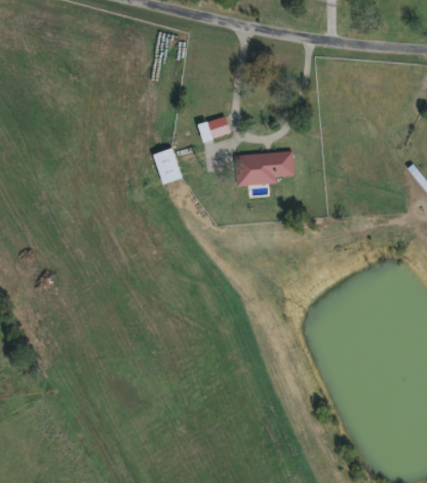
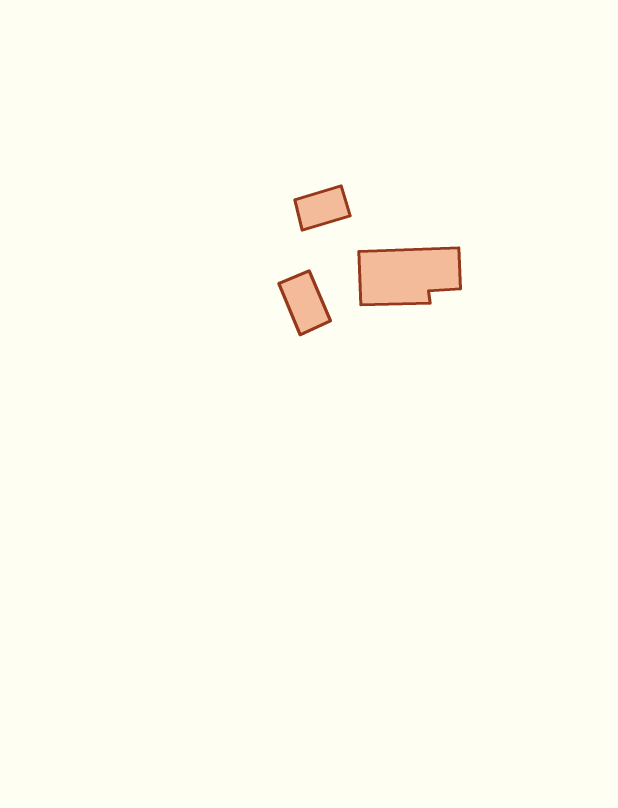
building: [153,148,183,185] -> [279,271,330,335]

